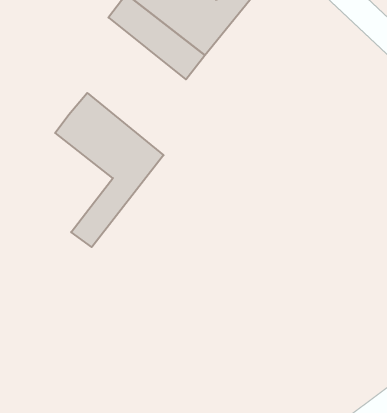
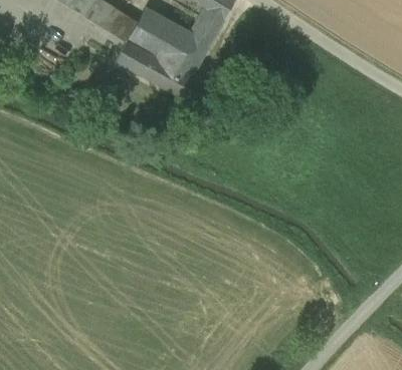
building: [55,93,164,247] -> none

